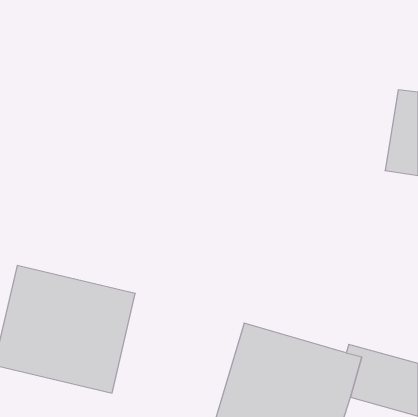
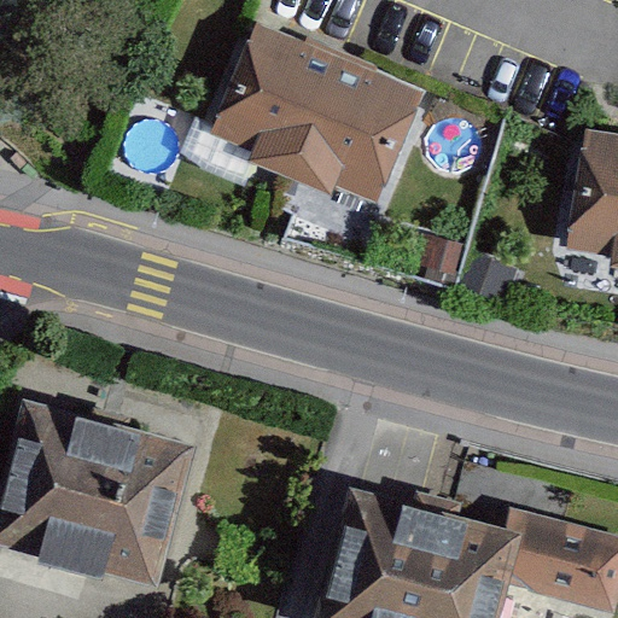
building: none -> [208,31,419,212]

